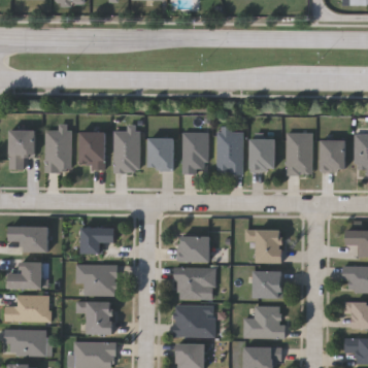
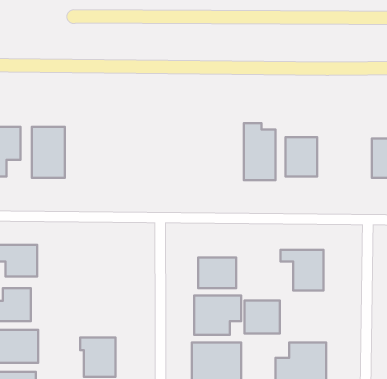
building: [80,132,106,168] -> none
building: [113,132,138,171] -> none
building: [182,132,208,173] -> none
building: [287,132,312,175] -> none
building: [148,138,174,169] -> none
building: [81,227,115,254] -> none
building: [75,264,115,295] -> none
building: [254,270,282,297] -> [244,301,280,334]

